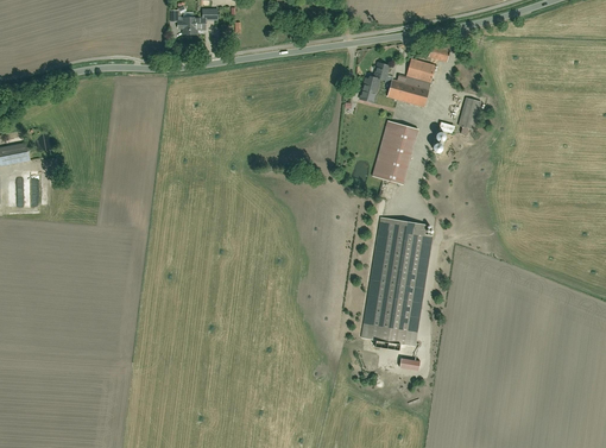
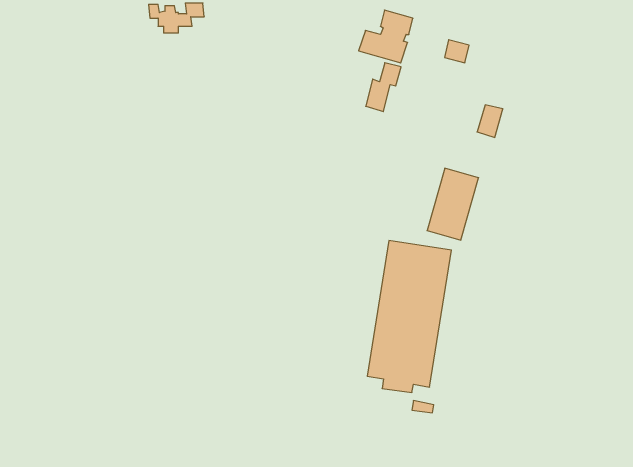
building: [387,59,435,106] -> [359,10,413,63]
building: [373,120,418,183] -> [427,168,479,240]

